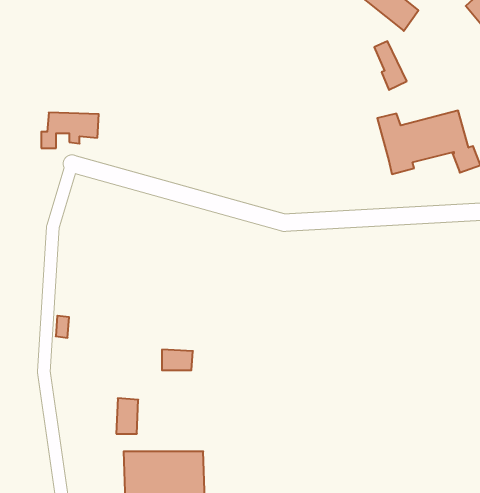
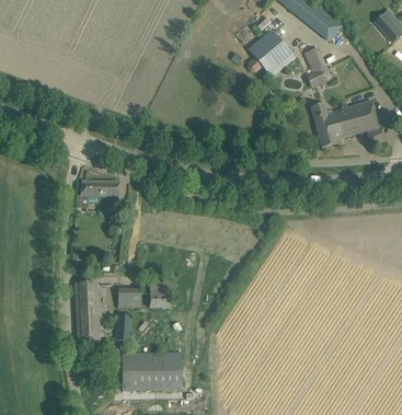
building: none -> [248,30,294,76]
building: [41,113,99,148] -> [77,181,119,207]
building: none -> [74,281,102,341]
building: none -> [118,288,140,308]

